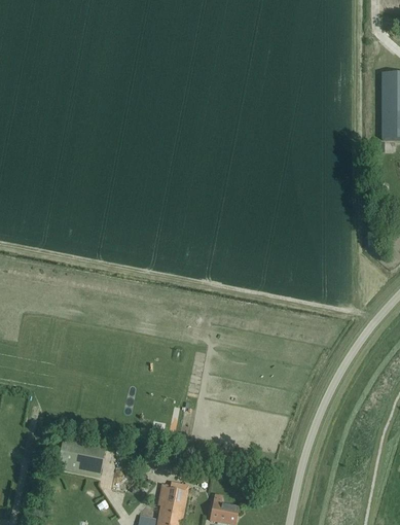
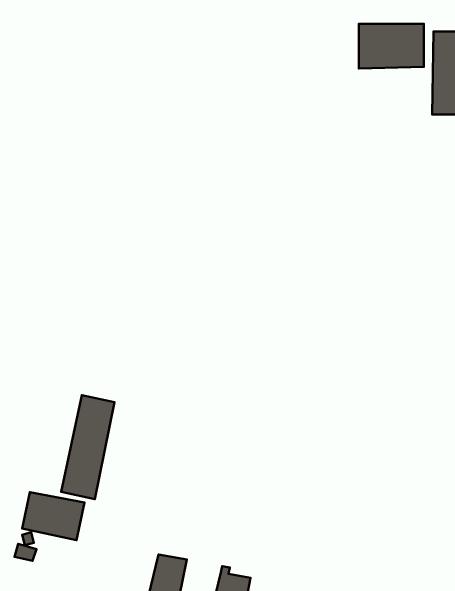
building: none -> [359,24,424,68]
building: none -> [61,395,114,499]

